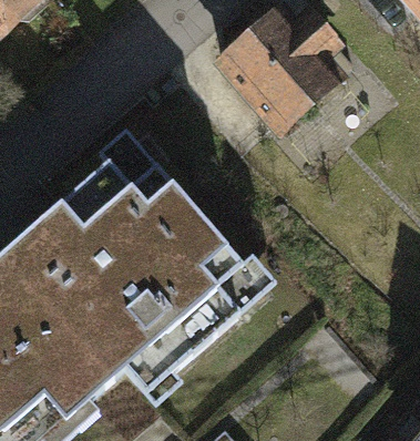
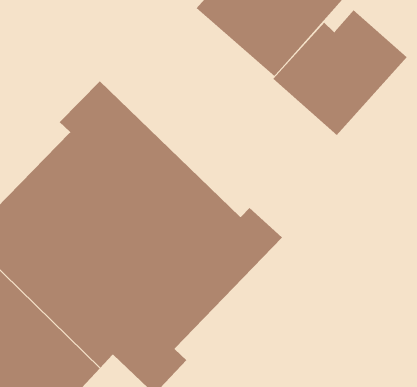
building: none -> [272,10,408,136]

